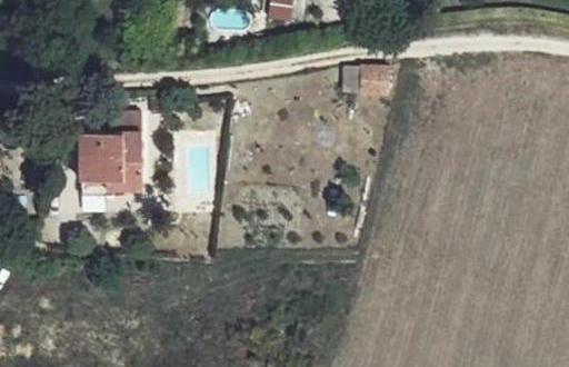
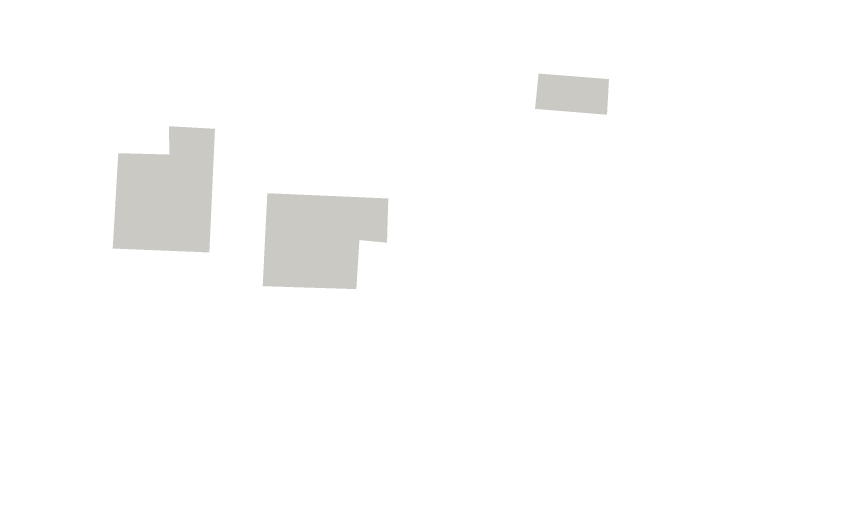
building: none -> [262,193,389,290]

